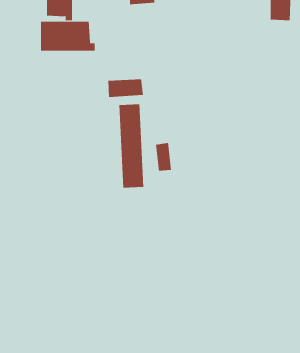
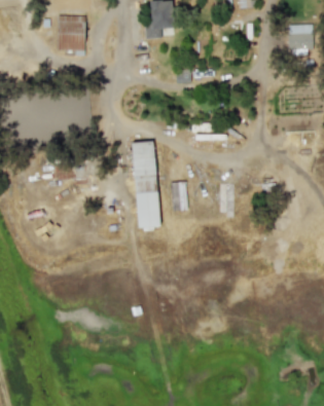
building: [40,21,95,51] -> none
building: [108,79,144,98] -> none

